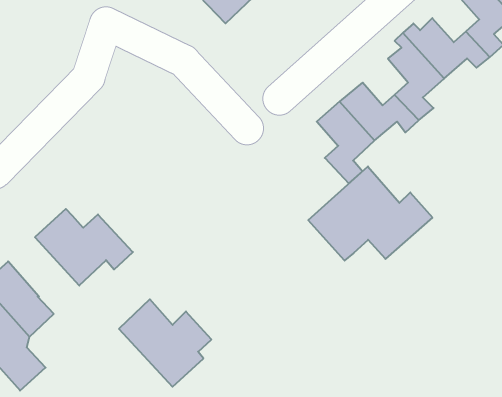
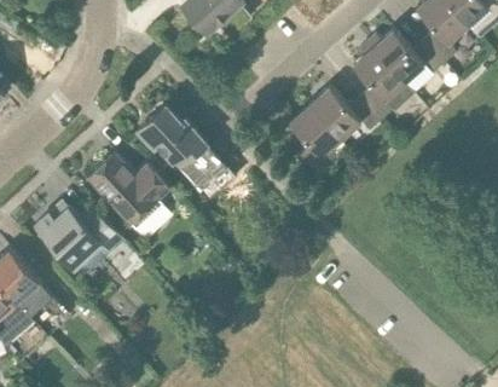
building: none -> [137,105,239,209]
building: [308,166,432,261] -> none
building: [119,299,211,387] -> [87,152,170,231]

